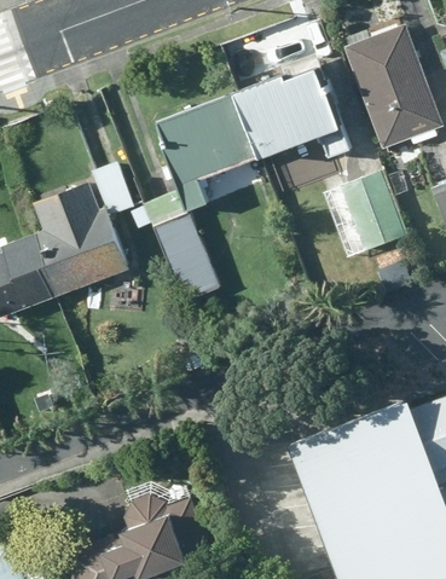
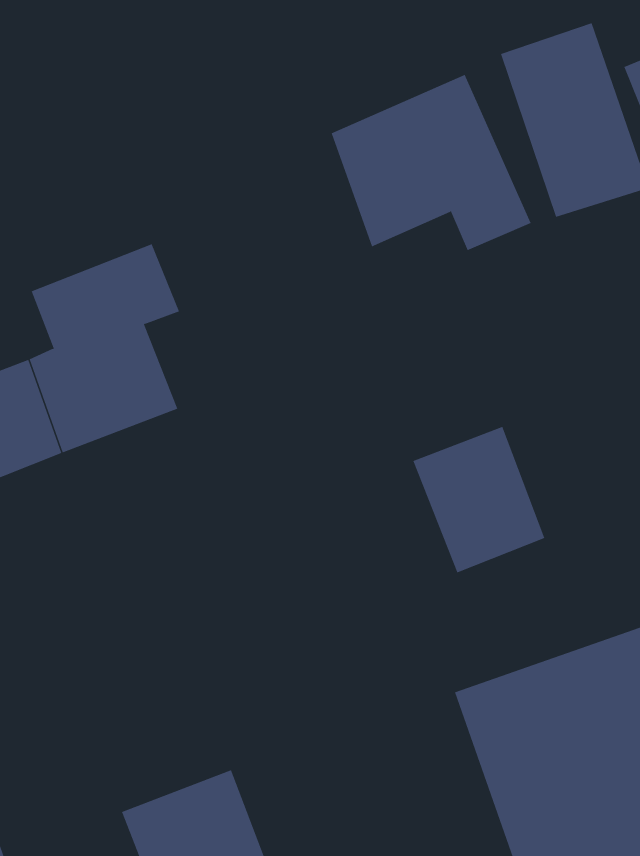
building: [150,89,262,293] -> none
building: [315,164,402,261] -> [413,426,545,573]

